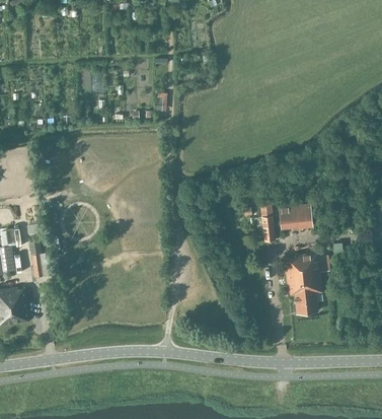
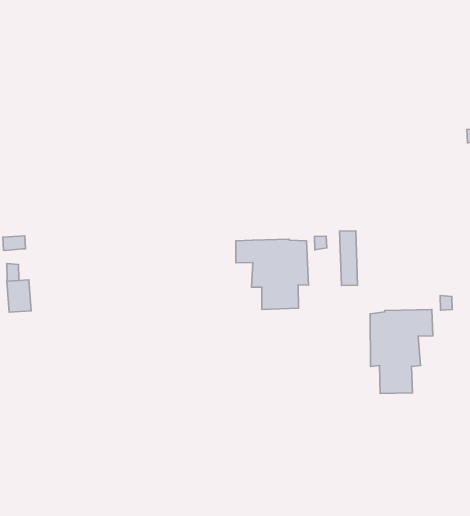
building: [280,205,313,228] -> none
building: none -> [236,239,308,309]

